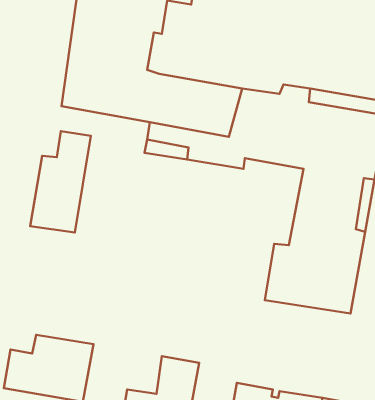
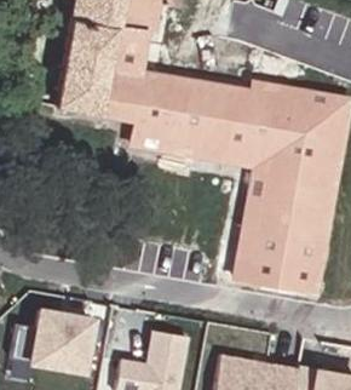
building: [30,131,91,232] -> none
building: none -> [226,151,281,230]

